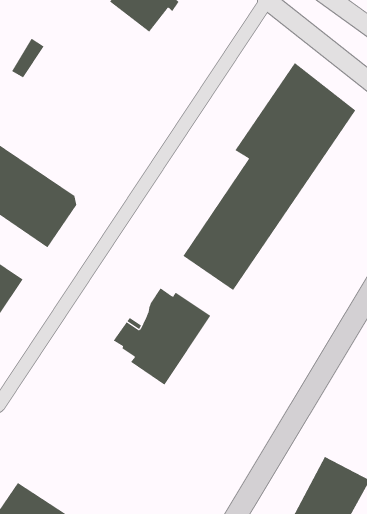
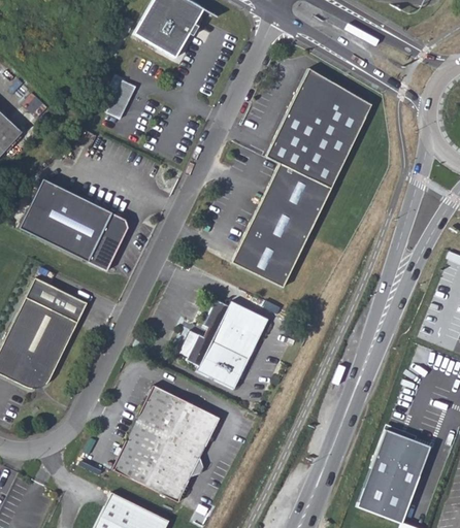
building: [11,38,45,78] -> [107,81,135,120]
building: none -> [111,382,218,498]

